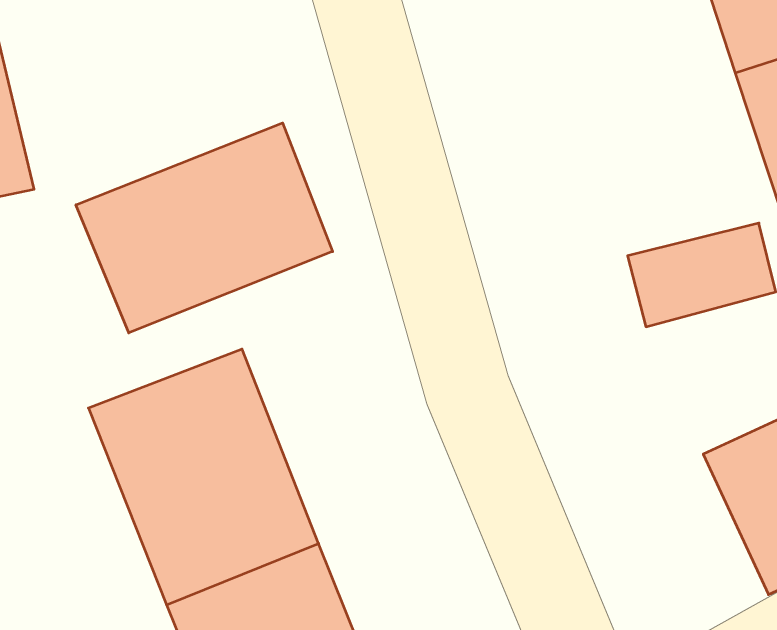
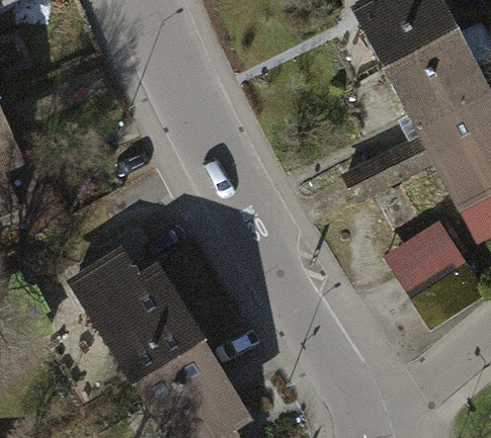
building: [76,123,333,333] -> none

